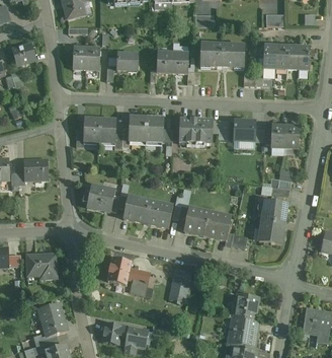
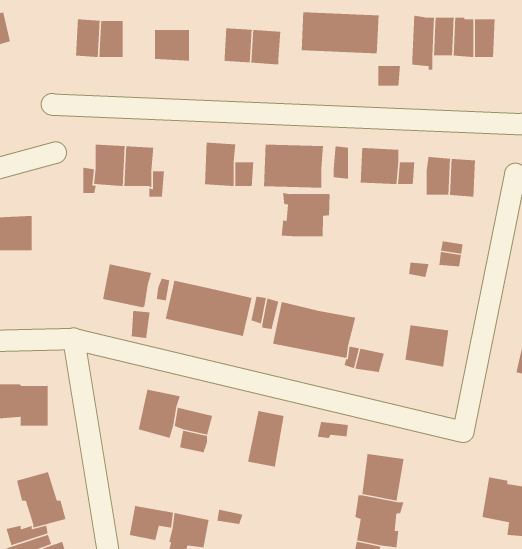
building: [129,116,146,141] -> none
building: none -> [281,192,330,237]
building: [261,199,286,223] -> none

